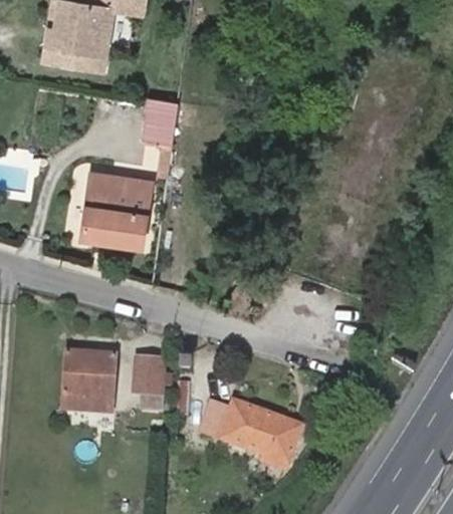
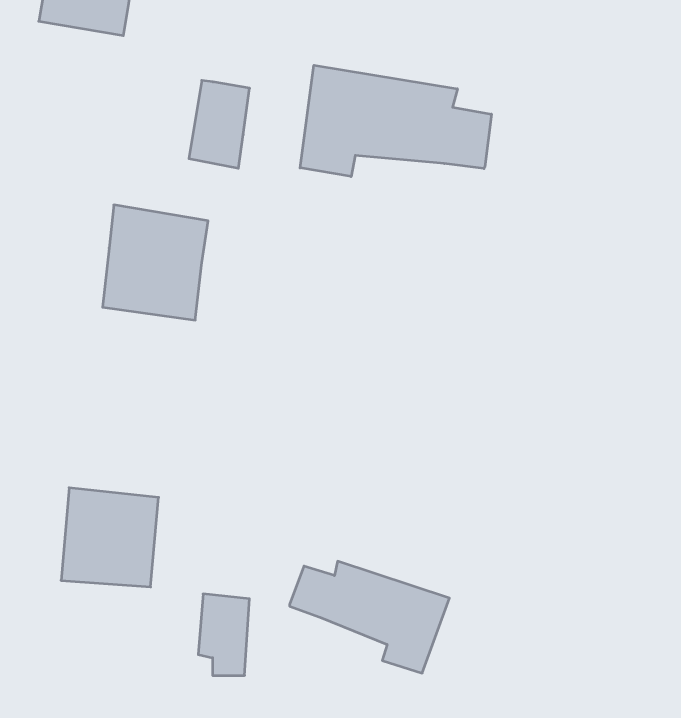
building: none -> [300,65,491,177]
building: [134,358,166,410] -> [198,594,249,675]

